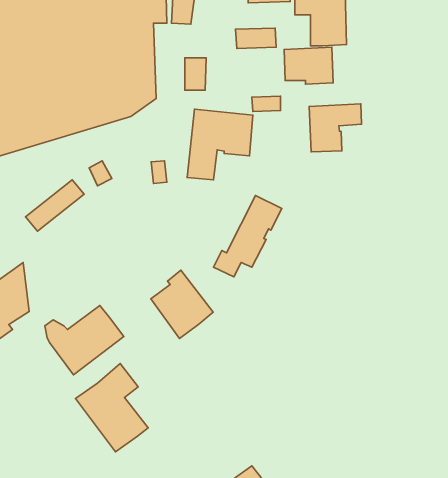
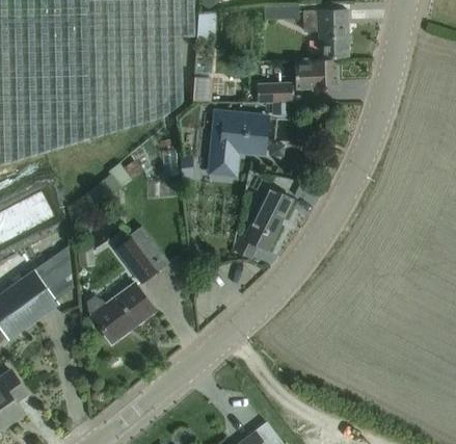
building: [236,28,276,48] -> [257,83,292,101]
building: [309,104,362,152] -> none
building: [151,270,213,338] -> [115,225,169,284]
building: [76,364,148,452] -> none

